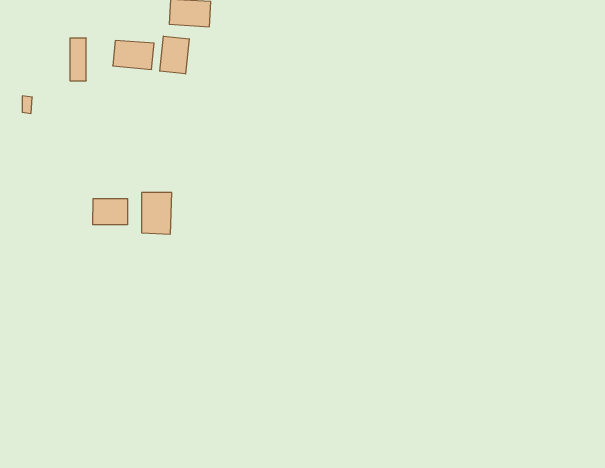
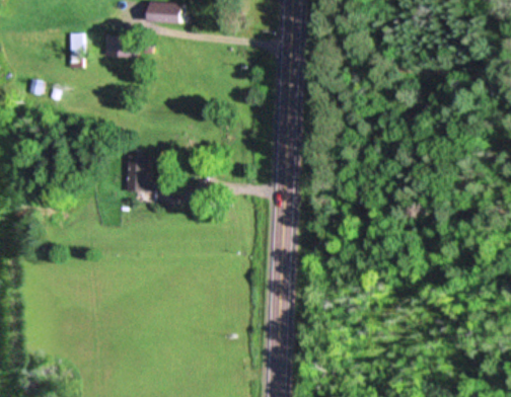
building: [160,36,189,74] -> none
building: [93,199,128,225] -> none

